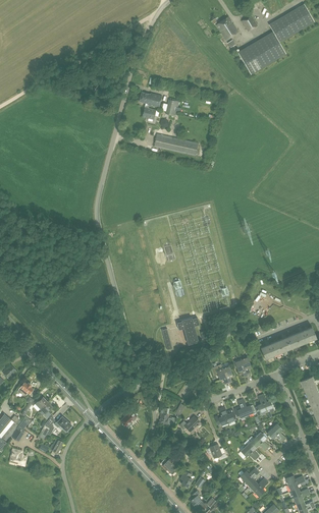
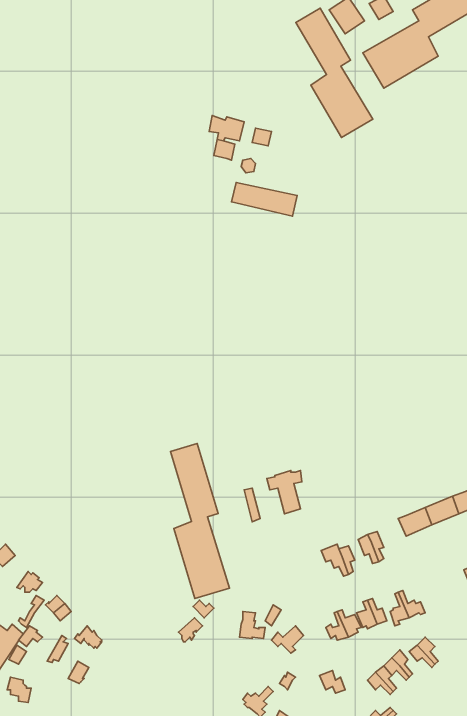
building: none -> [296,8,373,137]
building: none -> [171,443,230,598]

